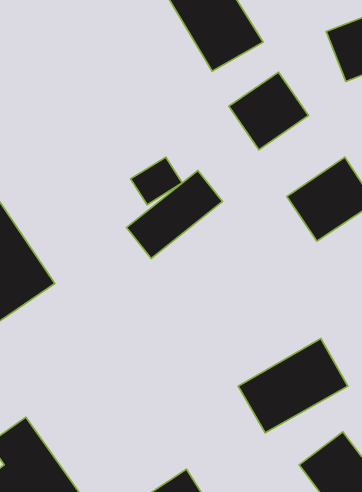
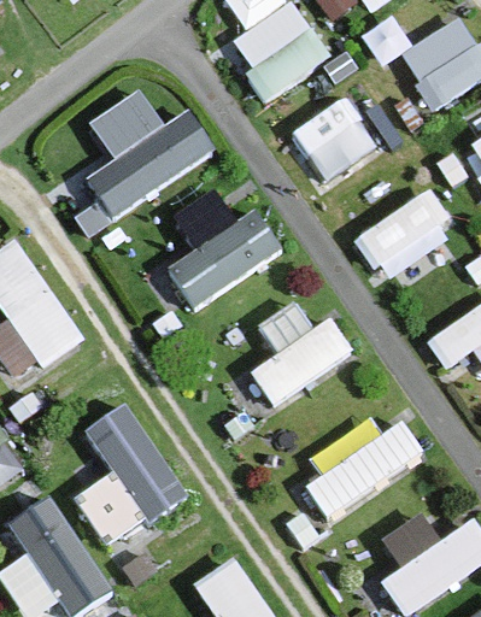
building: none -> [86,78,207,219]
building: none -> [236,296,347,401]
building: none -> [76,401,192,550]

